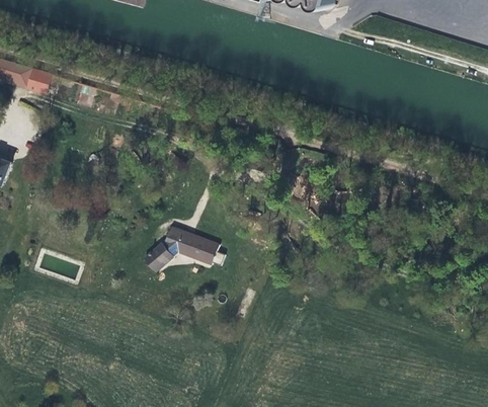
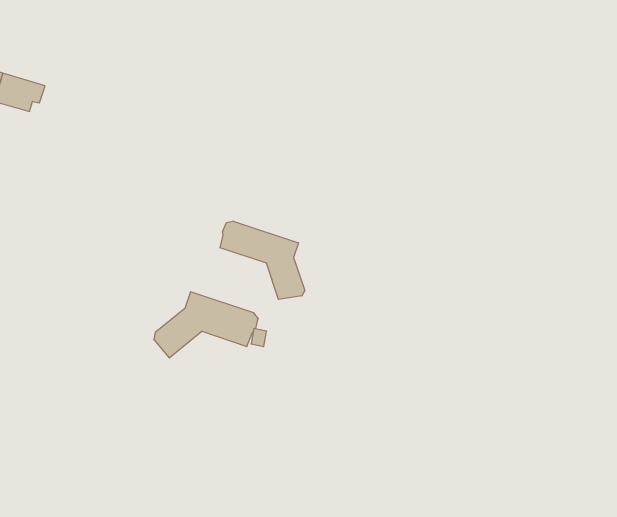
building: none -> [220,221,305,299]

